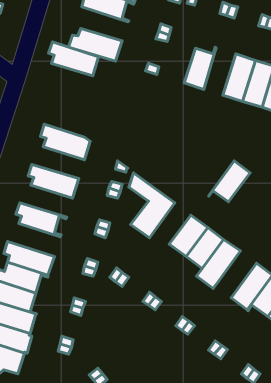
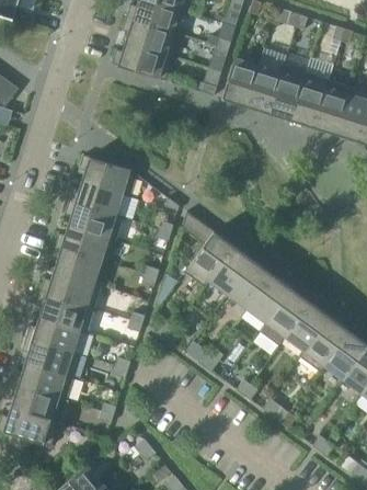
building: [49,42,98,76] -> [122,18,180,57]
building: none -> [222,59,259,106]
building: none -> [268,66,306,121]
building: none -> [68,181,129,218]
building: [209,161,250,202] -> [205,247,253,295]
building: none -> [54,226,115,263]
building: none -> [39,271,101,309]
building: none -> [286,303,330,357]

